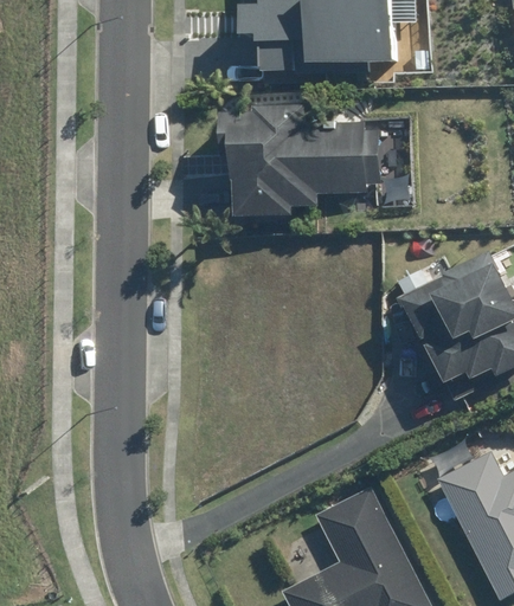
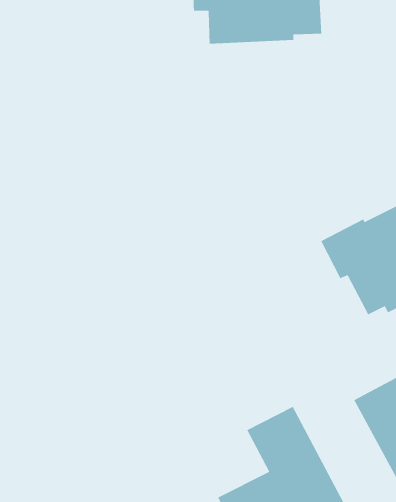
building: [231,105,383,219] -> none

